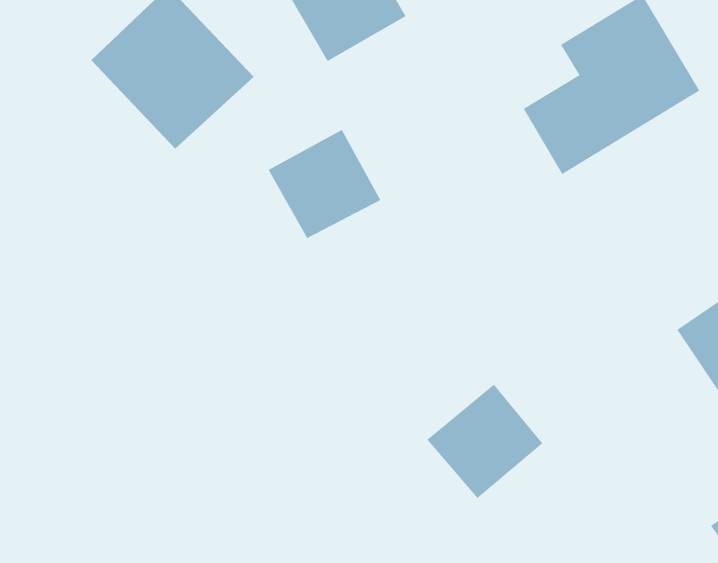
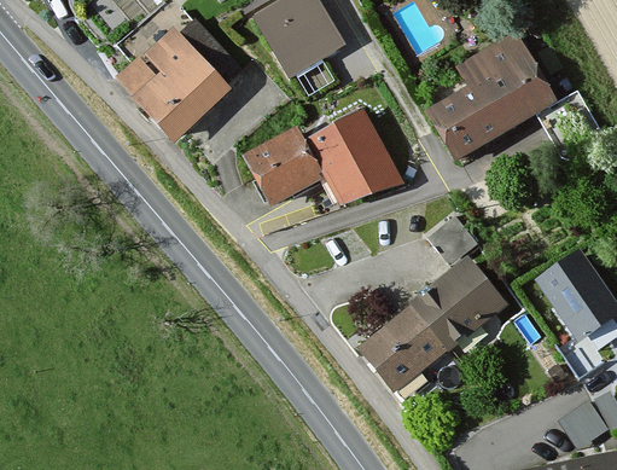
building: none -> [310,112,398,208]
building: none -> [425,217,473,263]
building: none -> [412,259,506,349]

